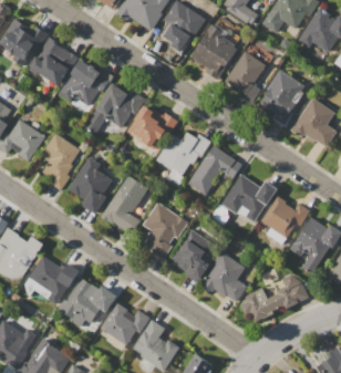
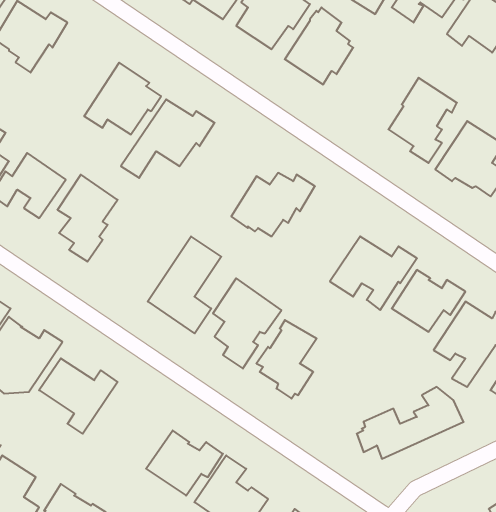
building: [27,37,78,89] -> none
building: [225,51,266,94] -> none
building: [127,105,178,149] -> none
building: [187,145,241,195] -> none
building: [68,156,112,215] -> none
building: [202,250,247,301] -> none
building: [60,278,117,322] -> none

